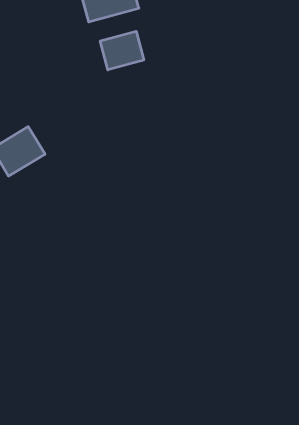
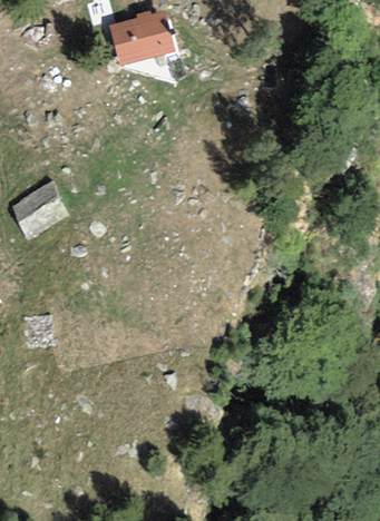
building: [100,31,144,70] -> none

